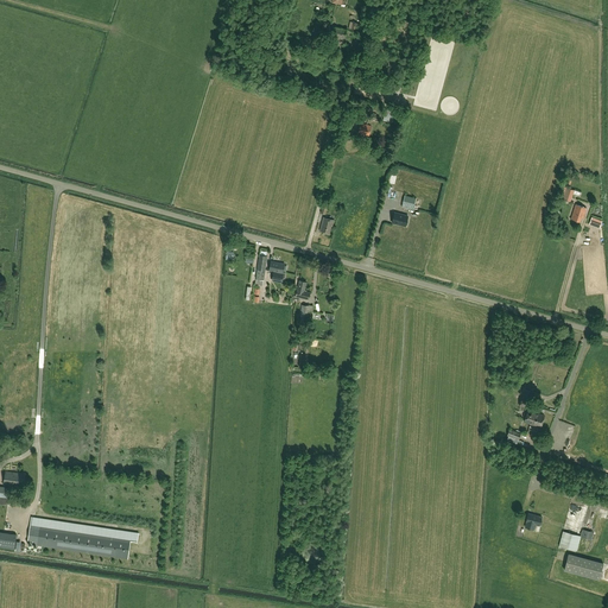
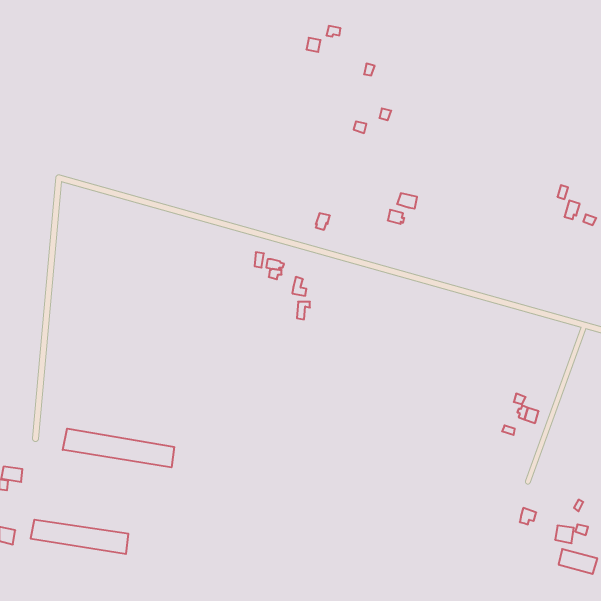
building: none -> [63,429,174,467]

